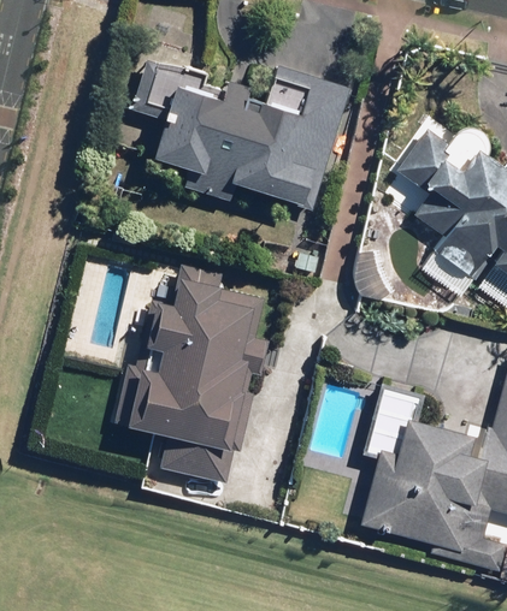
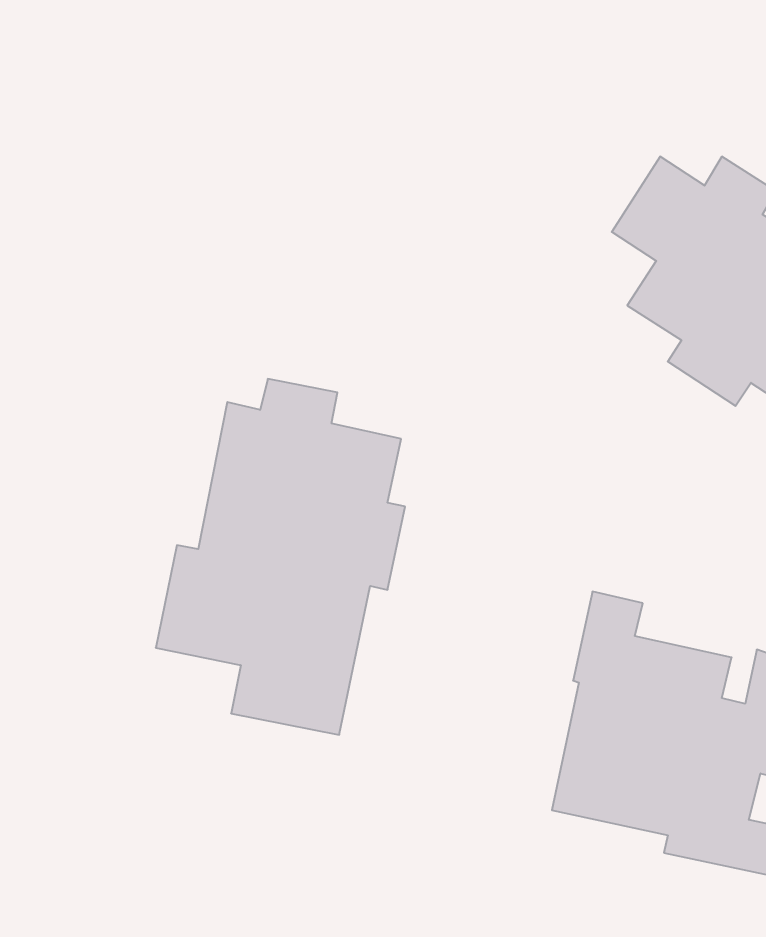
building: [136,64,354,214] -> none

